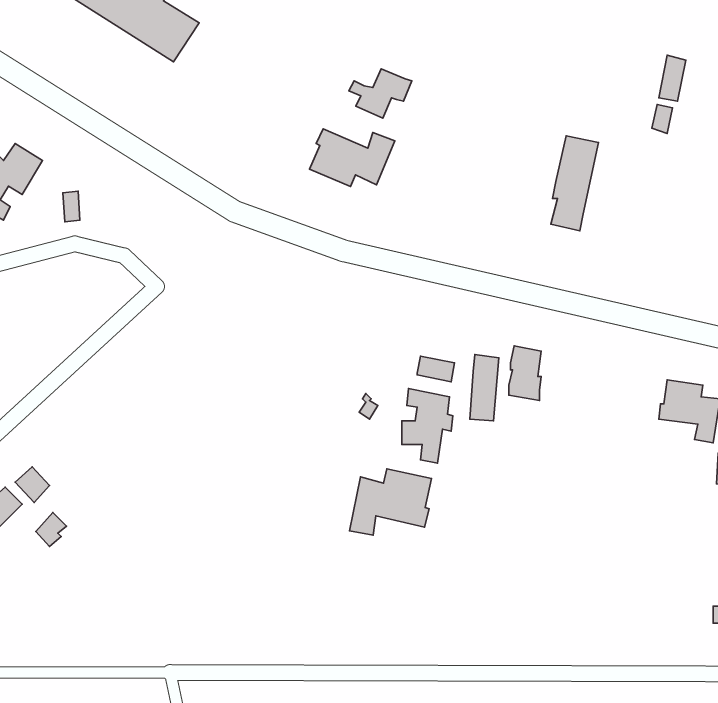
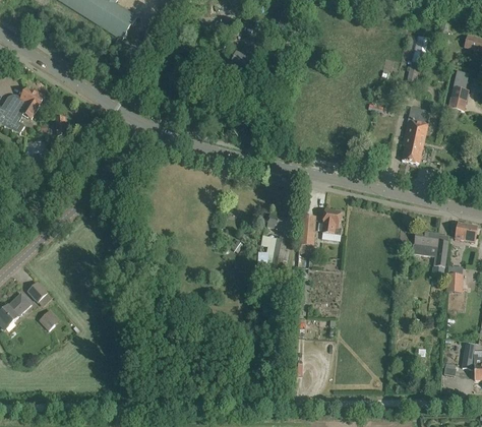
building: [310,129,395,186] -> none
building: [551,136,598,231] -> [401,107,429,164]
building: [349,469,431,535] -> none

